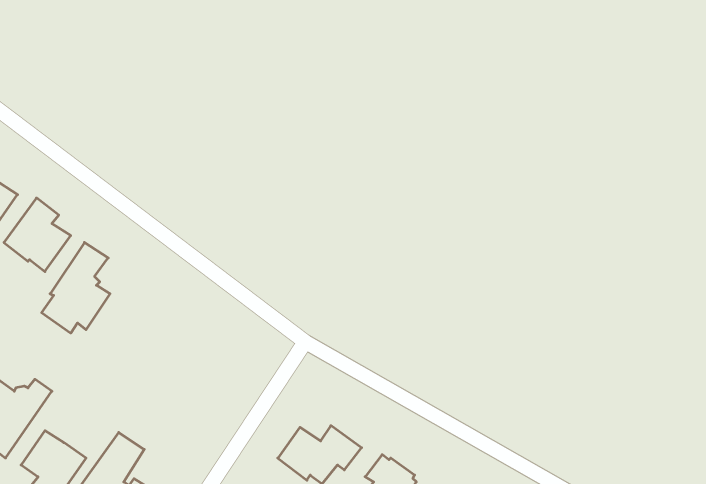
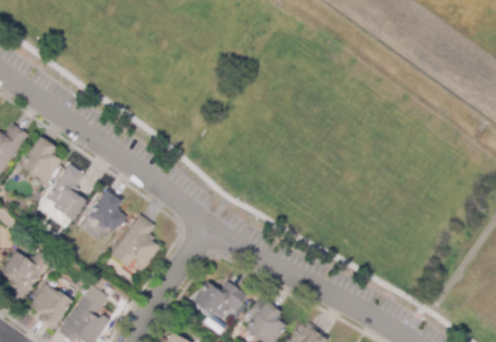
building: none -> [89,188,127,233]
building: none -> [112,215,161,273]

